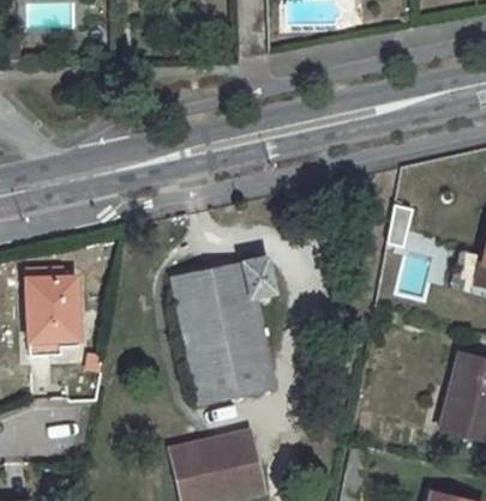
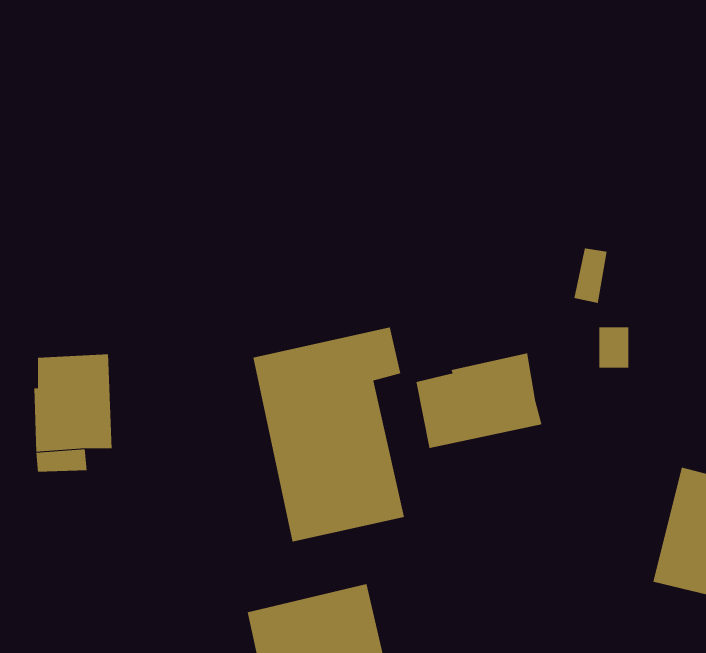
building: none -> [416,353,542,449]

